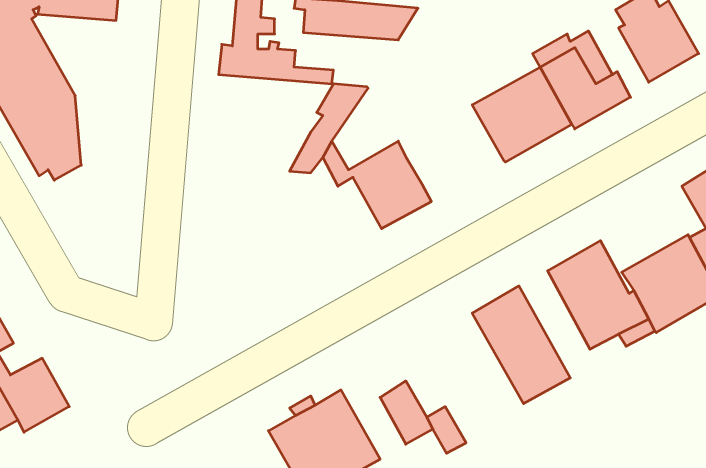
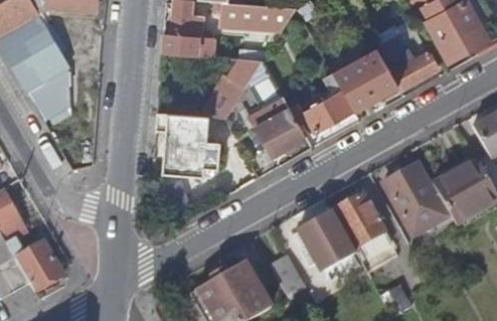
building: none -> [289,72,353,132]
building: none -> [157,113,219,176]
building: none -> [296,213,352,272]

